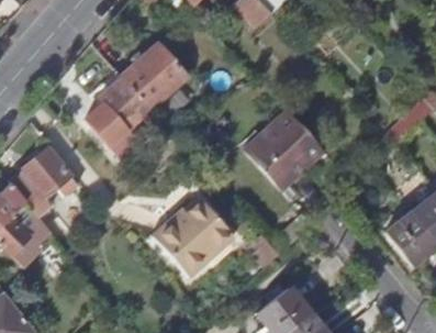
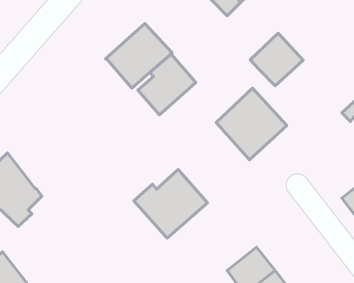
building: none -> [250,33,303,86]
building: [86,77,150,145] -> [138,54,196,115]
building: [10,148,78,221] -> none

